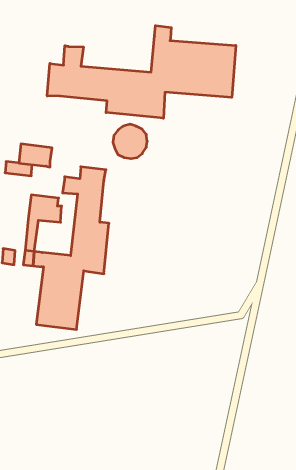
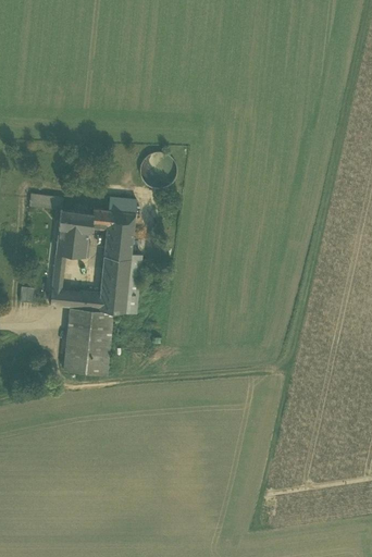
building: [47,26,236,118] -> none
building: [19,144,52,167] -> [57,208,92,233]

